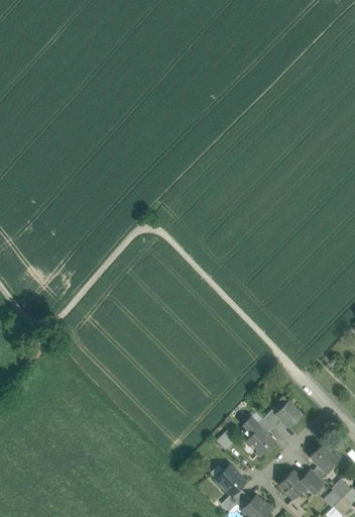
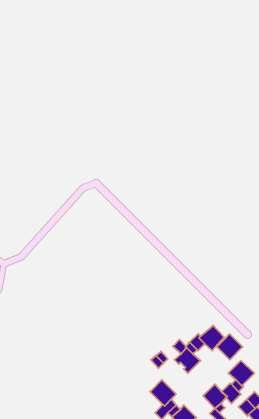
building: none -> [217,334,243,360]

